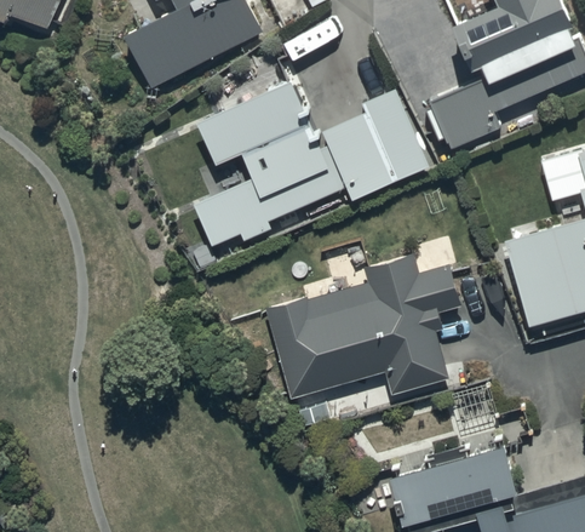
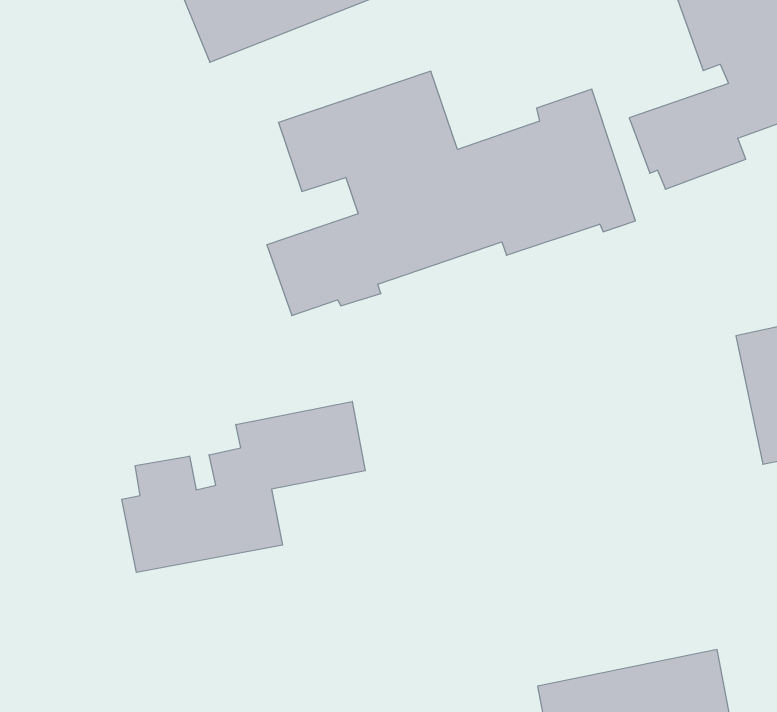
building: [265,253,460,400] -> none
building: none -> [122,401,365,572]

